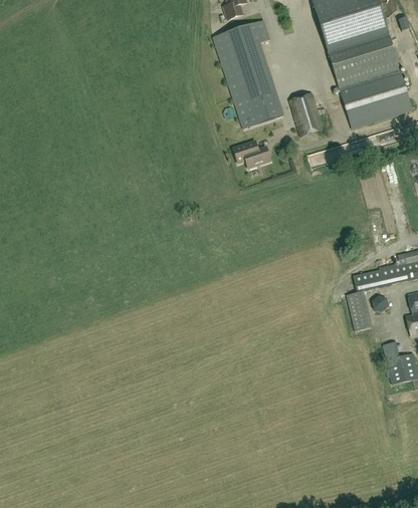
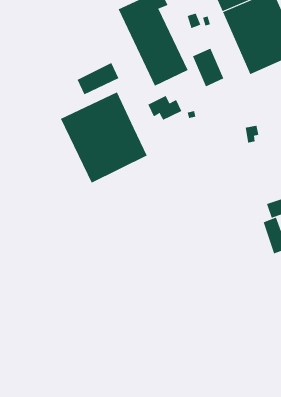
building: none -> [77,62,119,95]
building: none -> [60,92,148,183]

